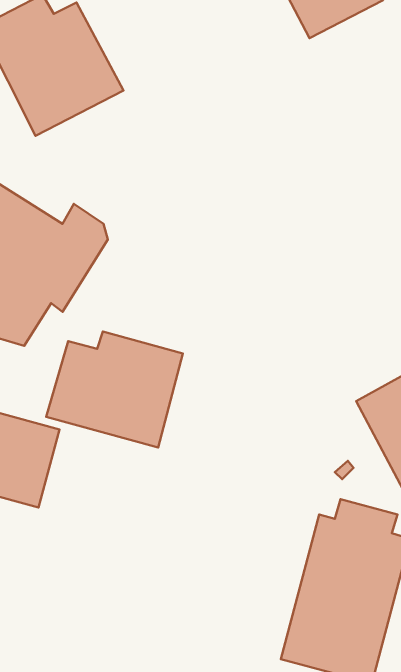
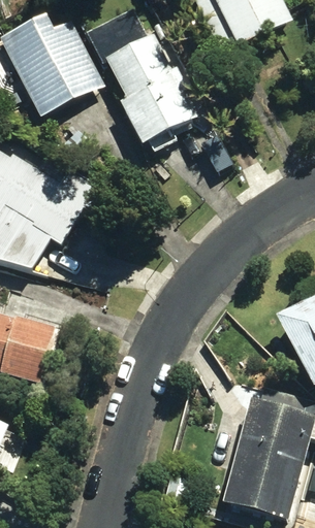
building: none -> [107,33,199,145]
building: [46,332,183,448] -> none

